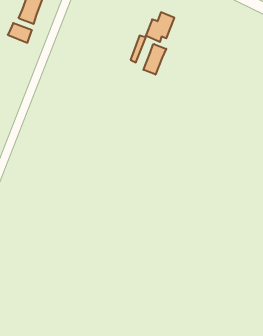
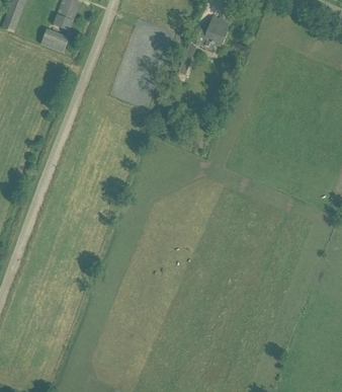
building: [143,44,166,75] -> none

